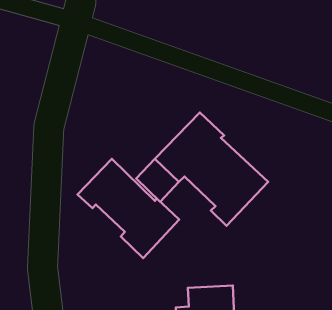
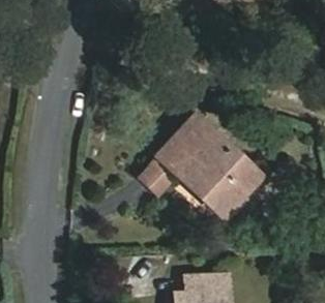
building: [78,159,179,258] -> none

